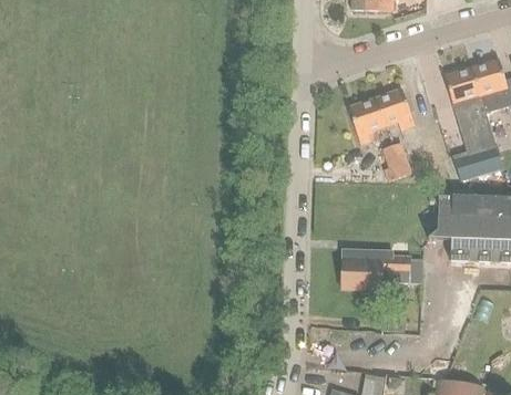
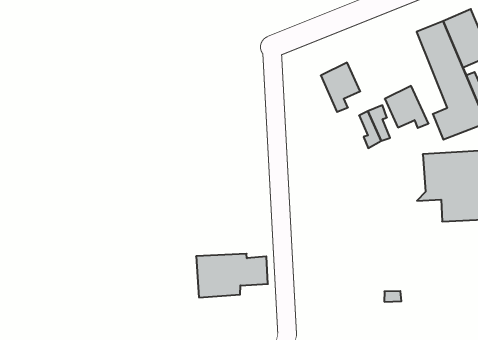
building: [374,87,413,128] -> [385,86,429,128]
building: [340,250,409,291] -> [196,254,268,297]

